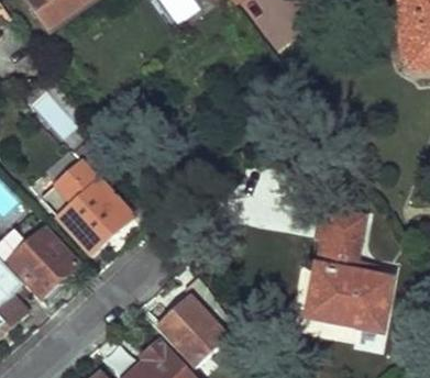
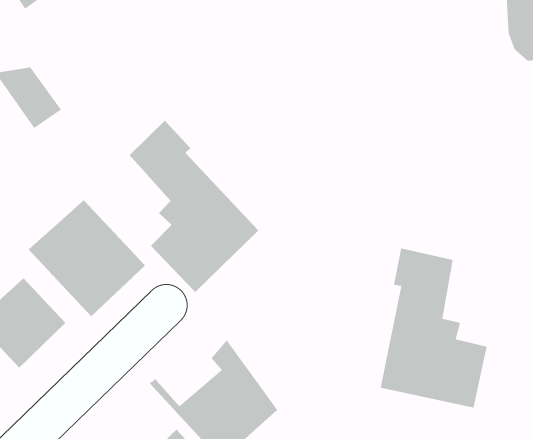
building: none -> [129,120,259,293]

